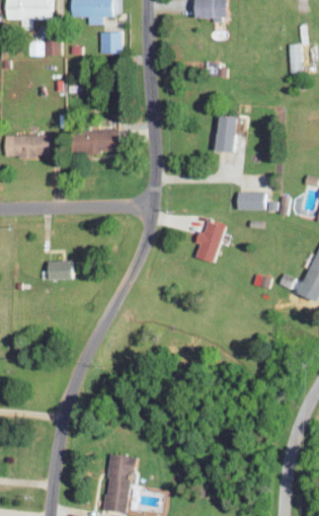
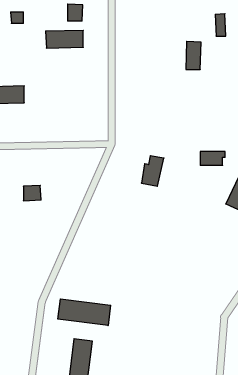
building: [214,116,233,151] -> [186,41,201,69]
building: [70,130,117,152] -> [46,30,83,48]
building: [237,193,268,210] -> [200,152,225,165]
building: none -> [58,299,111,326]

